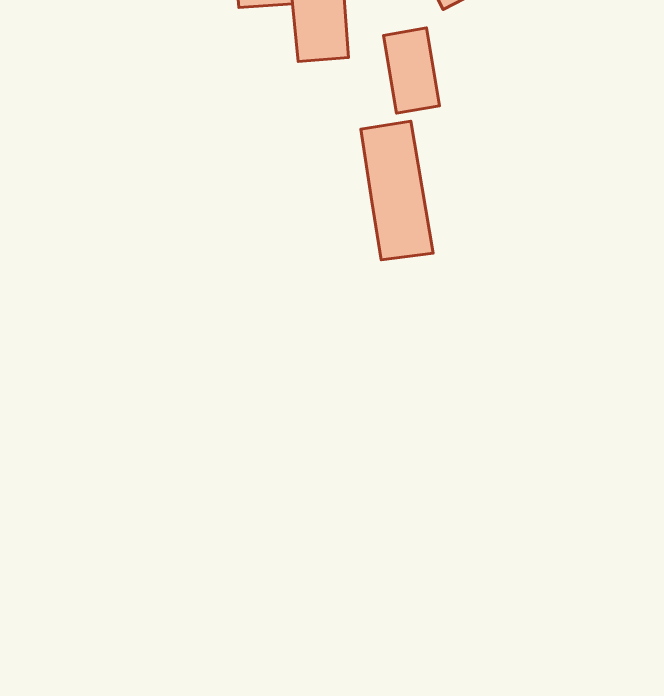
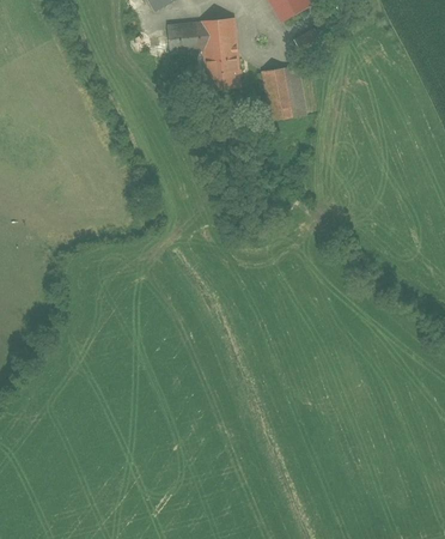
building: [361,121,433,260] -> none

